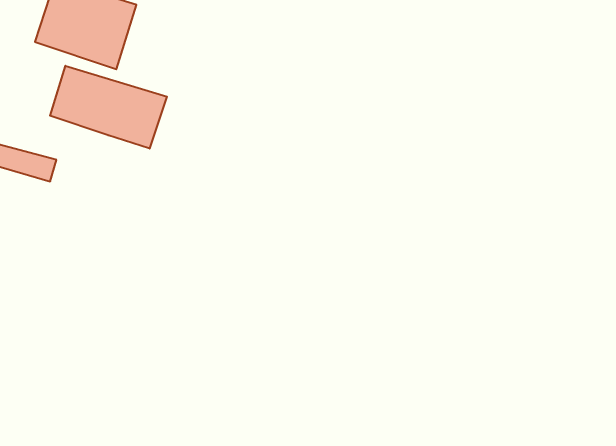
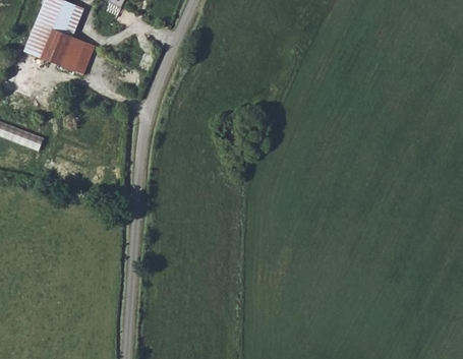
building: [50,66,167,149] -> none

